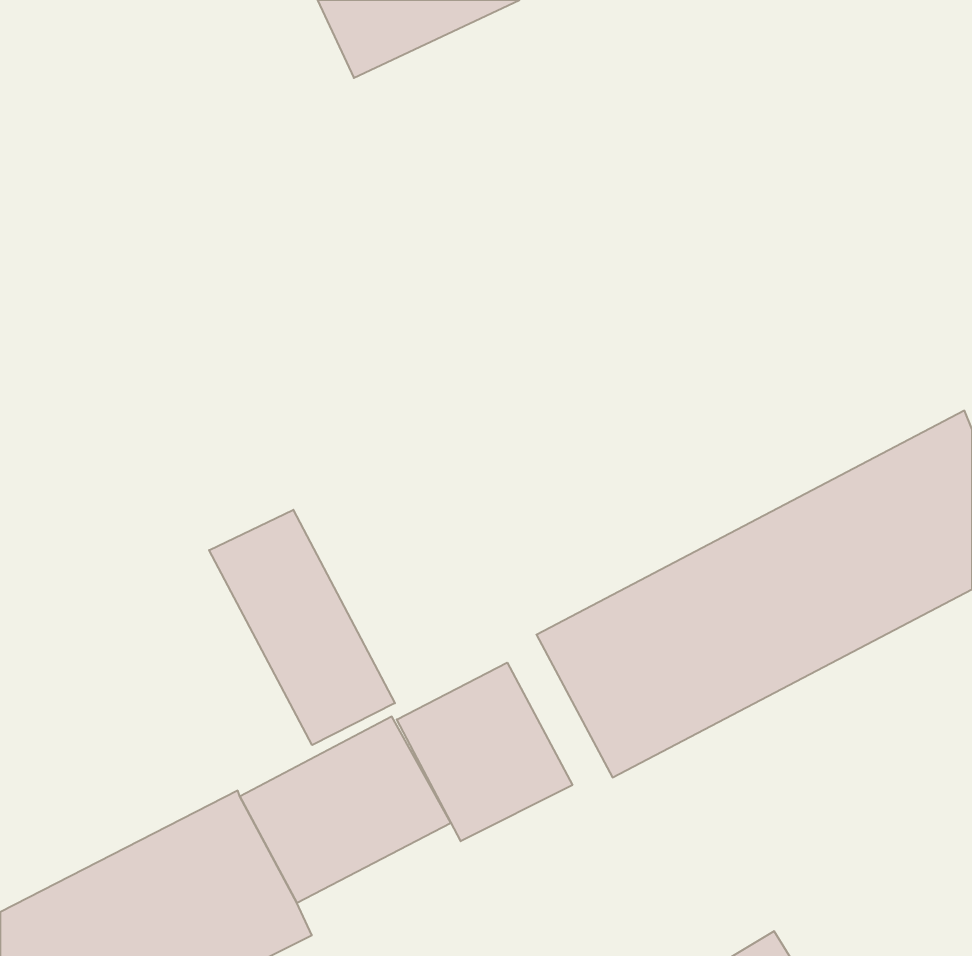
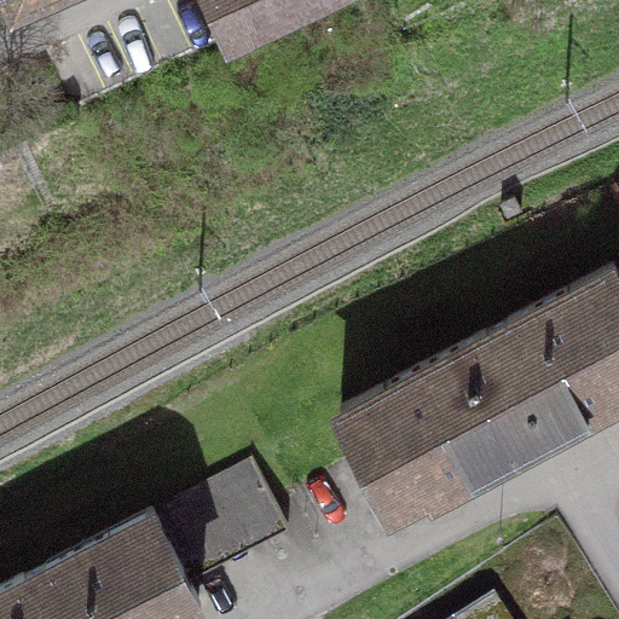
building: [209,510,395,745] -> none
building: [397,663,572,841] -> none

